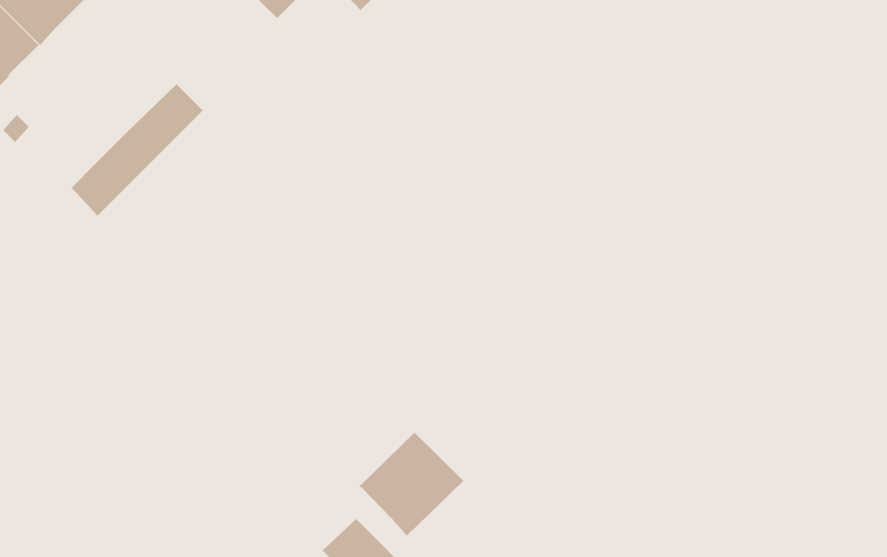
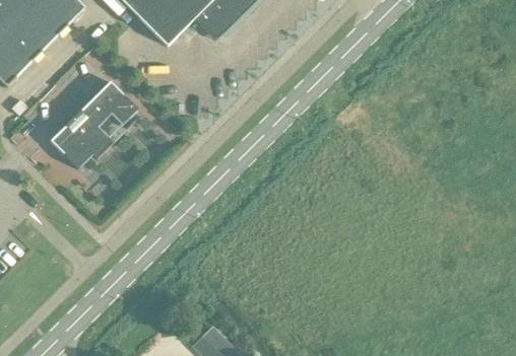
building: none -> [65,96,138,168]
building: [359,432,464,537] -> none

